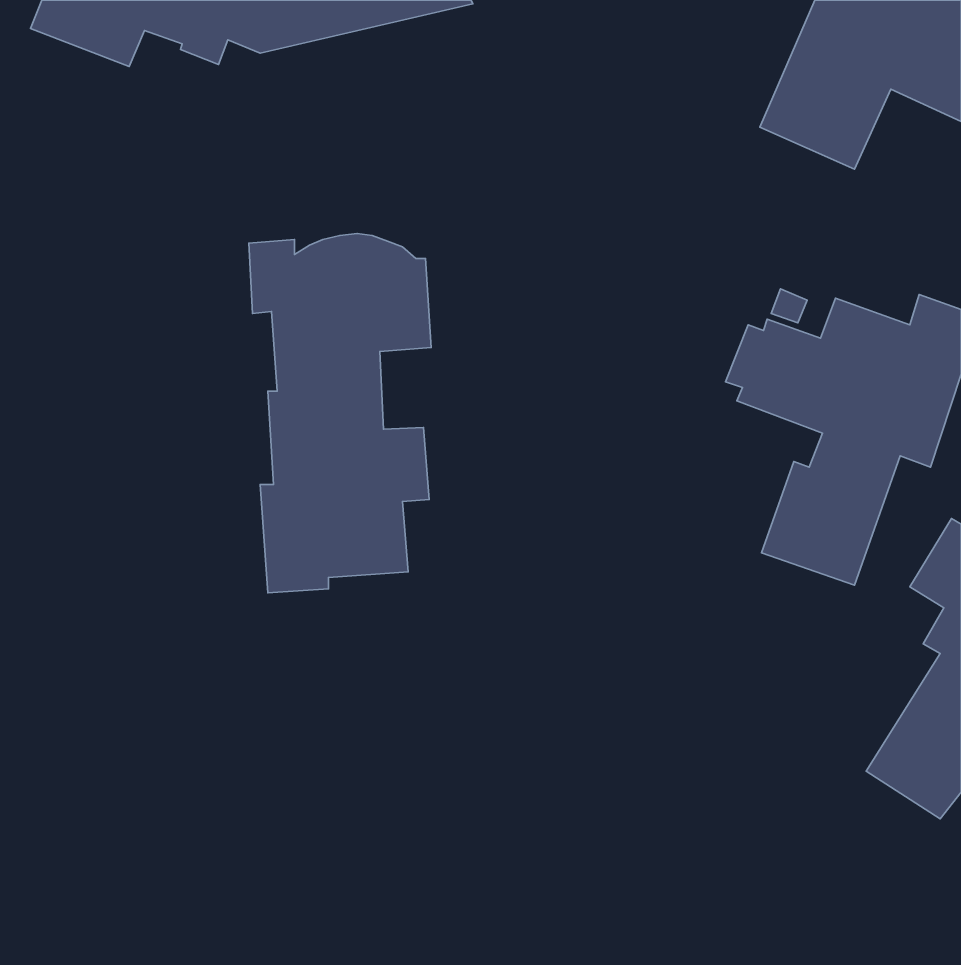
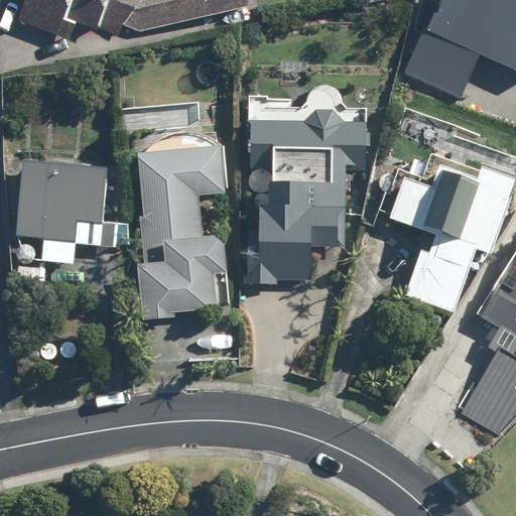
building: none -> [242,106,368,283]
building: none -> [12,153,125,288]

